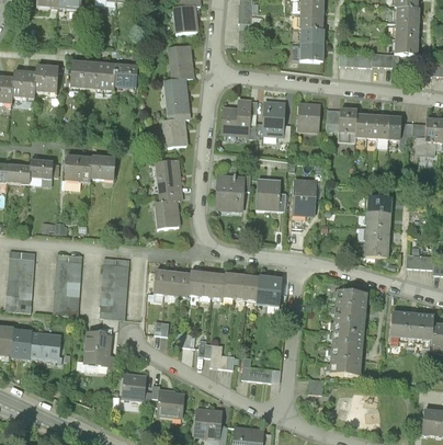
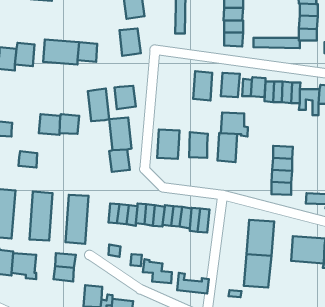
building: [163,78,191,119] -> [88,88,109,121]
building: [222,98,252,137] -> none
building: none -> [221,112,248,136]
building: [30,158,54,179] -> [18,151,37,168]

